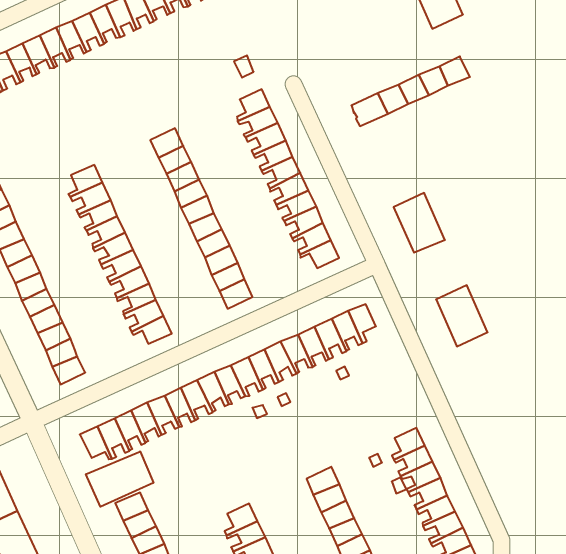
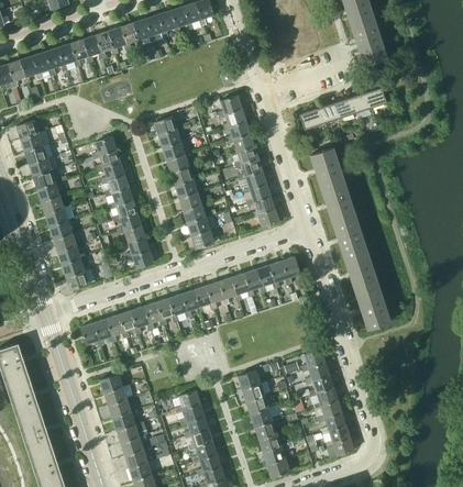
building: none -> [309,146,344,189]
building: none -> [332,217,367,258]
building: none -> [355,286,389,328]
building: [86,451,153,507] -> none

